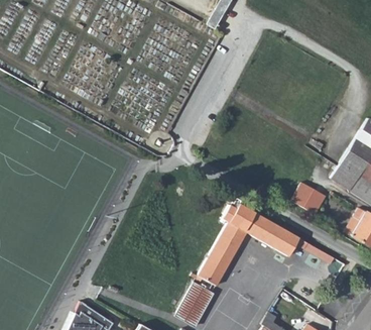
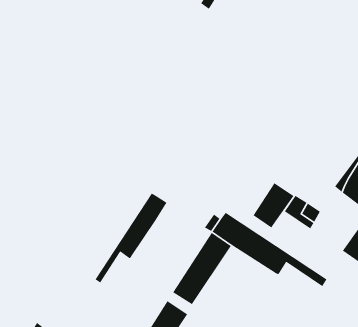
building: none -> [253,182,295,229]
building: none -> [95,193,167,283]

